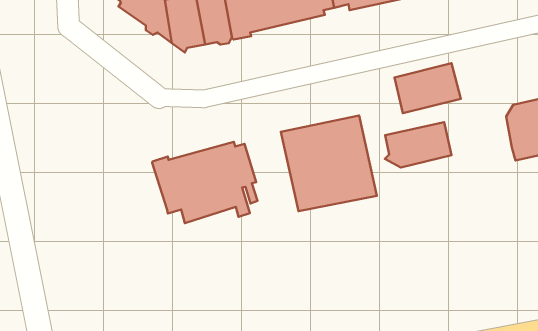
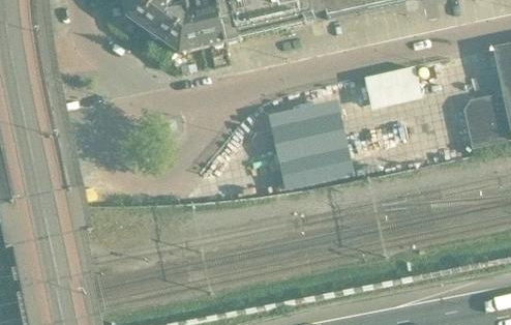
building: [385,122,451,168] -> none
building: [152,142,258,223] -> none

